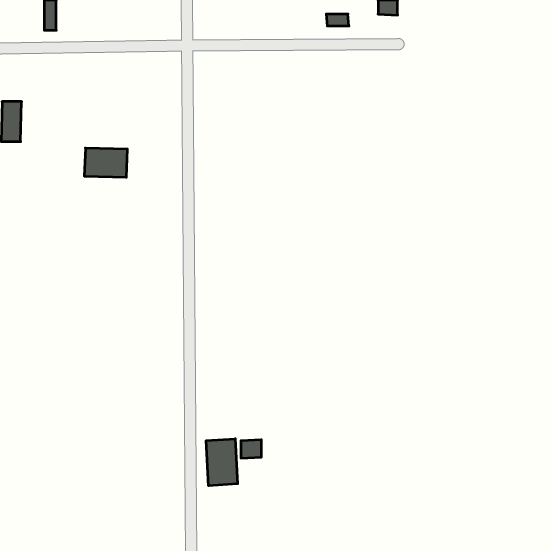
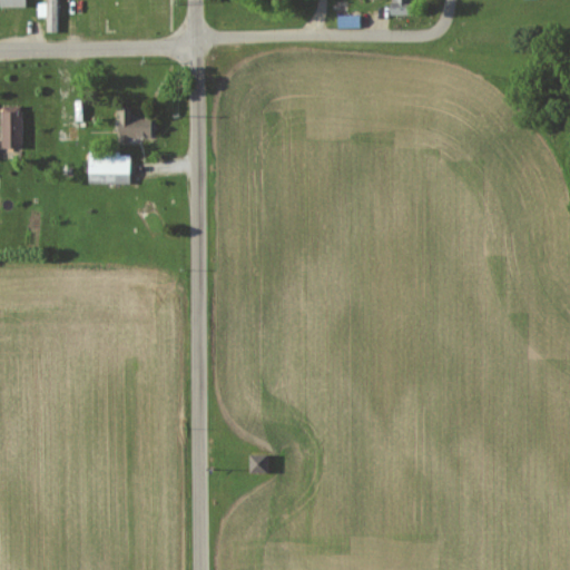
building: none -> [119,106,150,138]
building: [206,439,238,486] -> none

